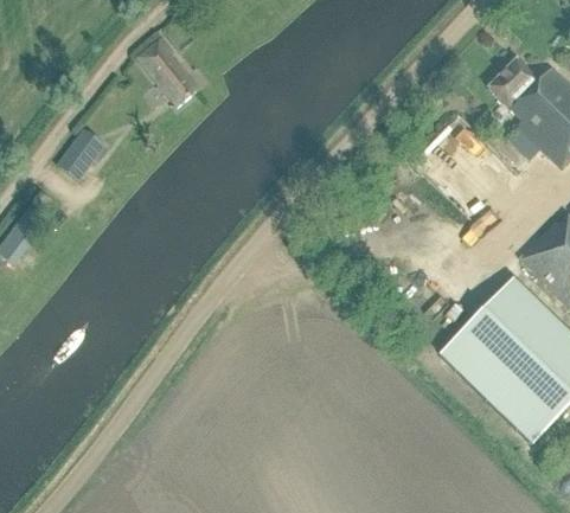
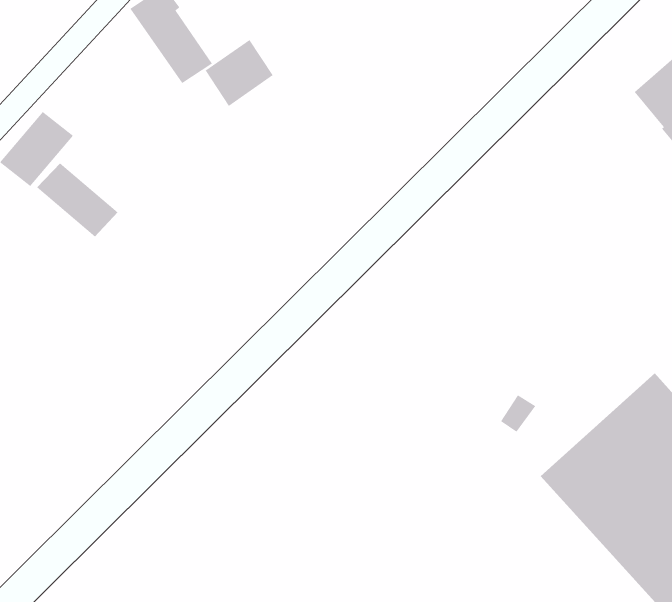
building: none -> [205,39,273,107]
building: none -> [36,162,119,238]

